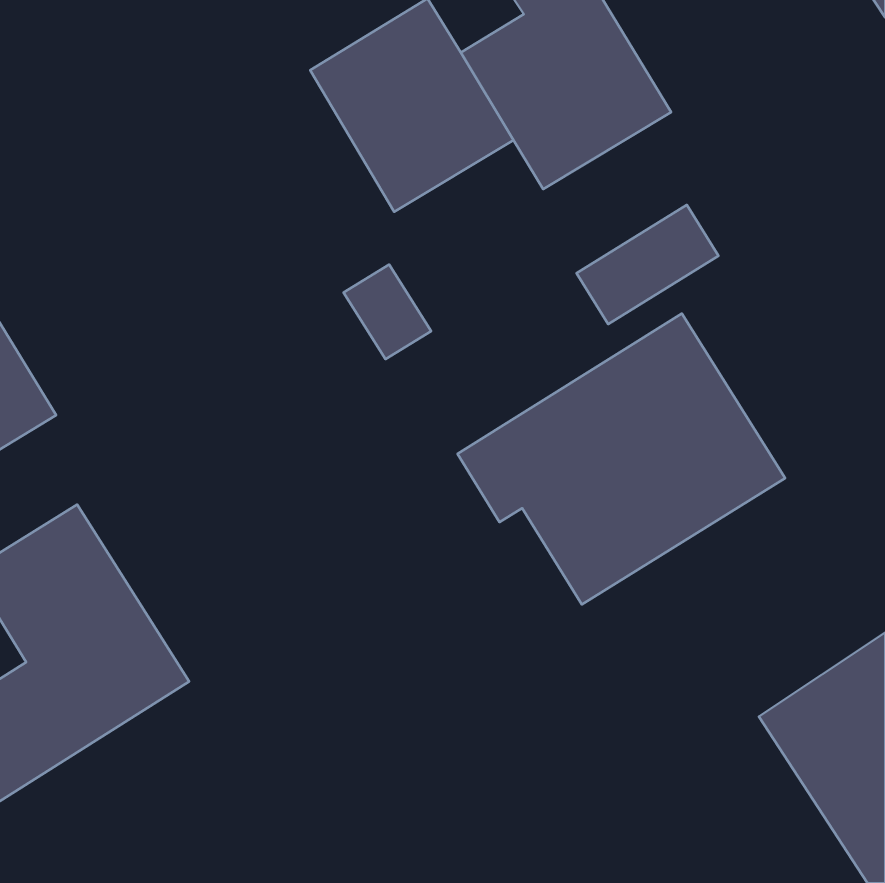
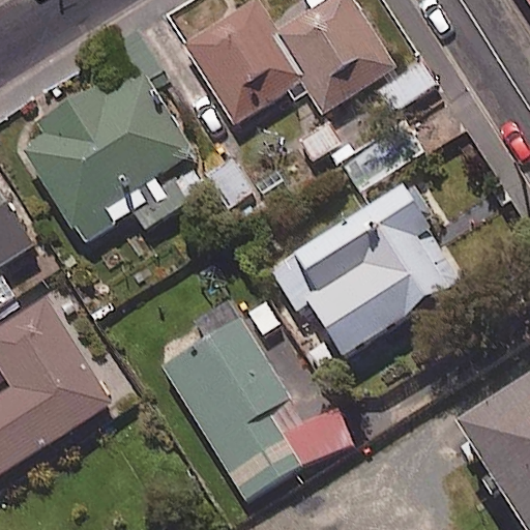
building: none -> [24,70,205,243]
building: none -> [166,298,352,499]

